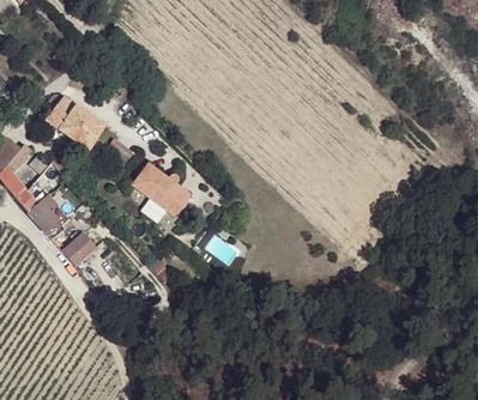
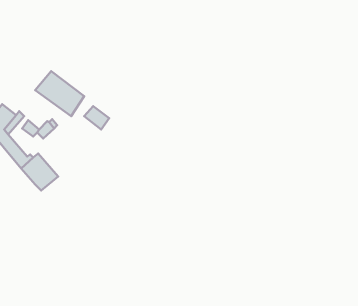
building: [132,163,188,214] -> none
building: [62,232,96,263] -> none

